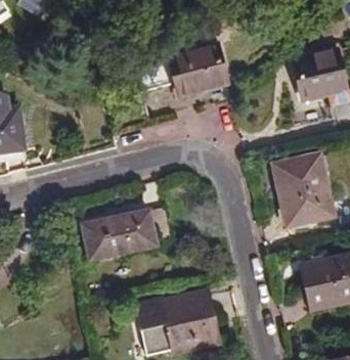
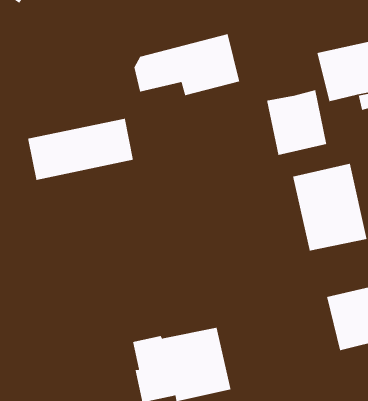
building: none -> [266,89,327,156]
building: [82,206,172,259] -> [27,118,134,181]

